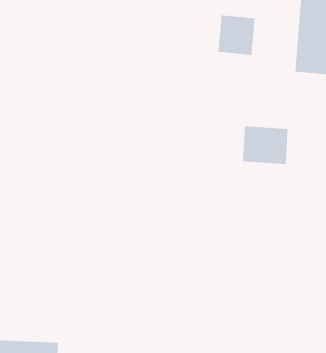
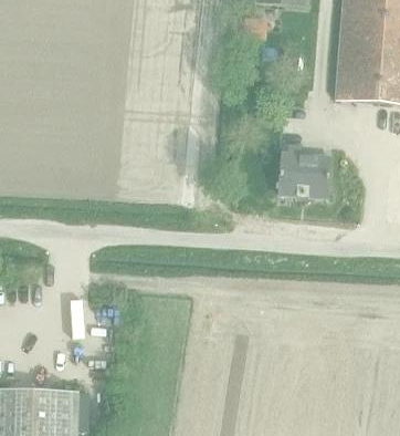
building: [217,14,256,56] -> none

